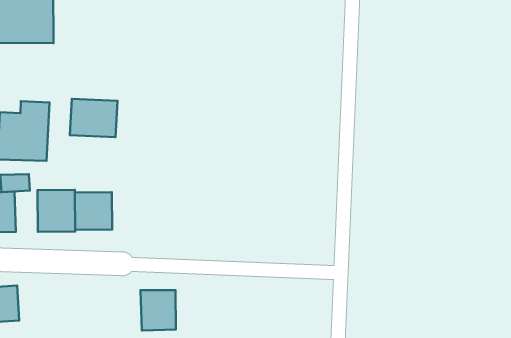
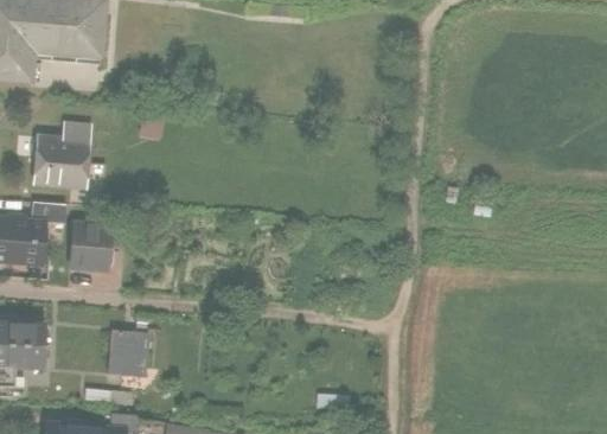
building: [70,99,118,137] -> none
building: [75,192,112,230] -> none
building: [140,290,176,331] -> [107,330,146,375]

